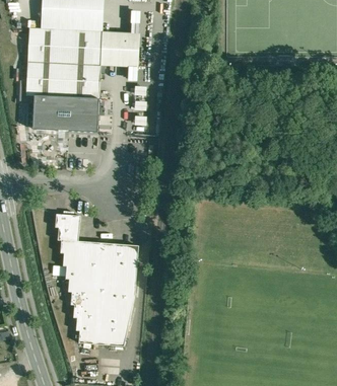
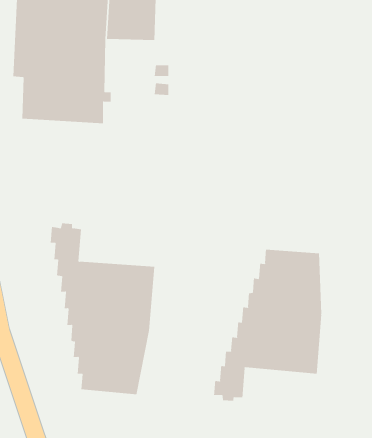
building: none -> [213,249,322,401]

